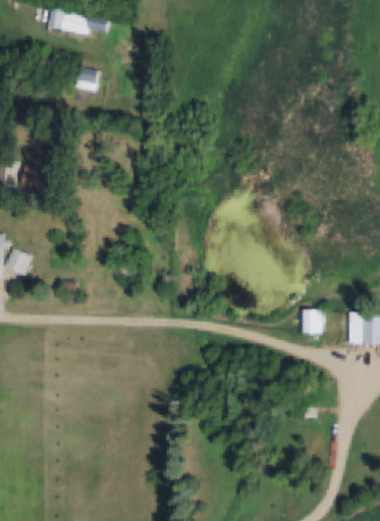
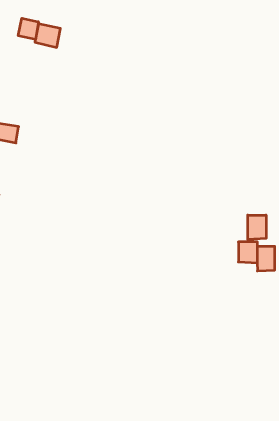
building: none -> [18,18,38,39]
building: none -> [248,215,266,239]

